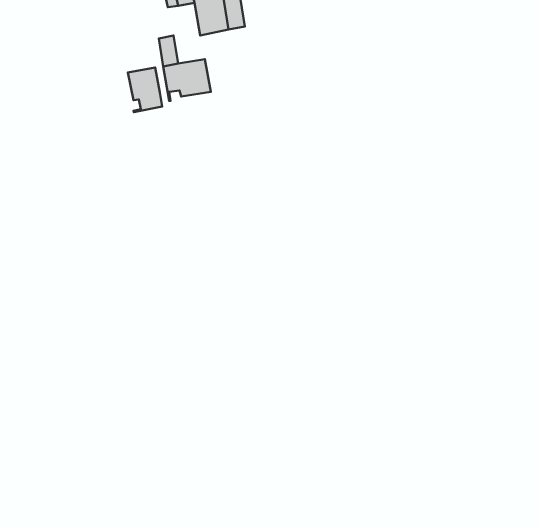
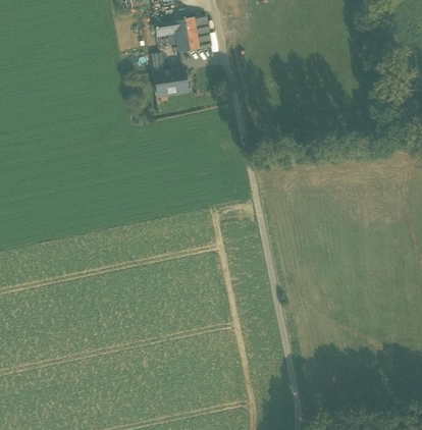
building: [128,68,162,112] -> none

